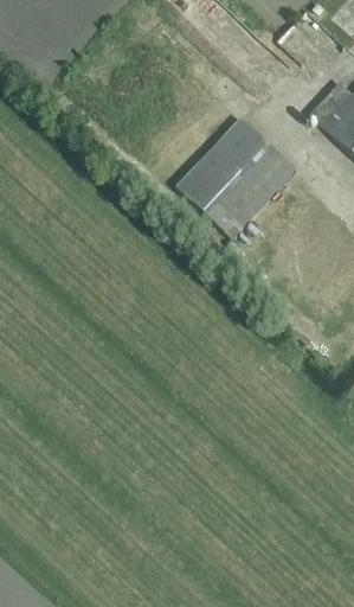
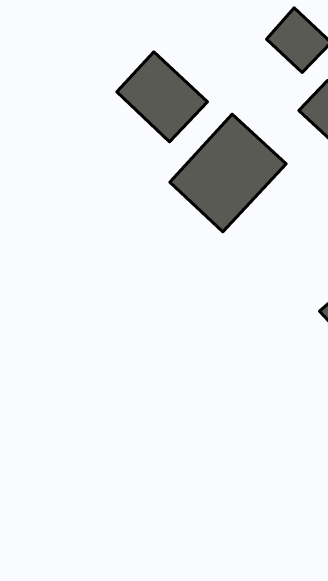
building: none -> [117,52,207,142]

